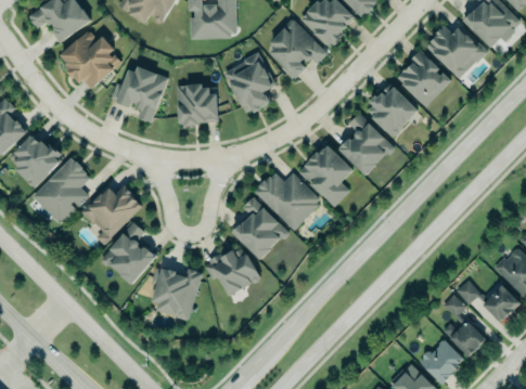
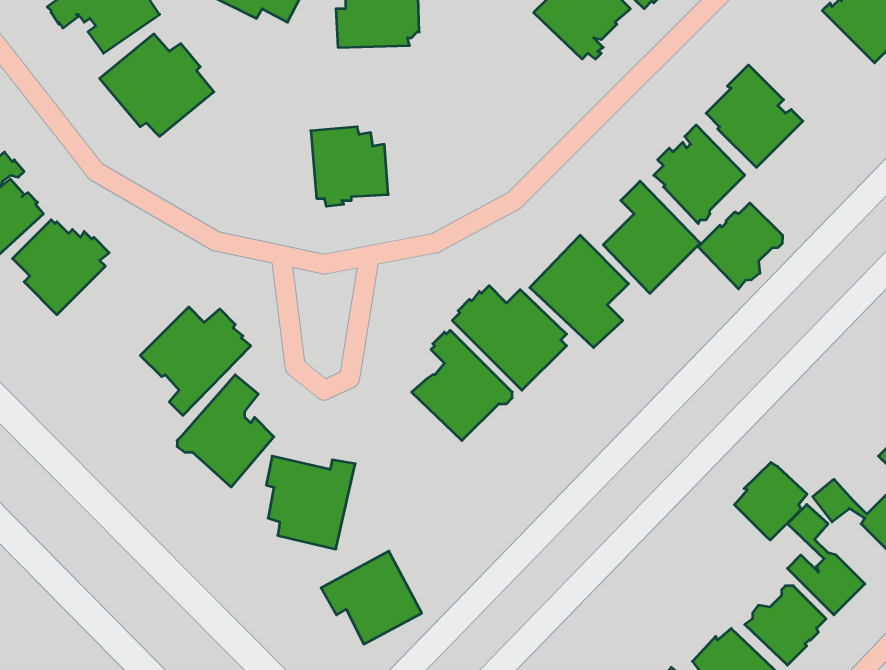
building: [270,20,328,79] -> none
building: [426,25,488,78] -> none
building: [224,52,275,113] -> none
building: [111,66,168,122] -> none
building: none -> [698,203,783,289]
building: [31,157,90,222] -> none
building: [204,245,260,297] -> [321,551,422,644]
building: none -> [734,462,807,540]

